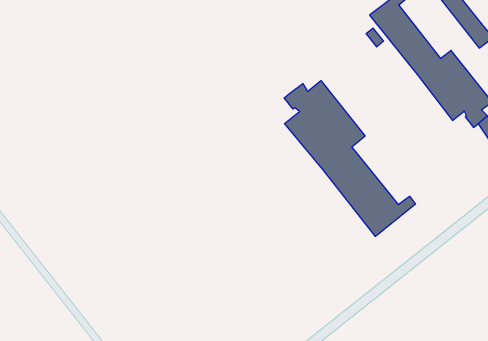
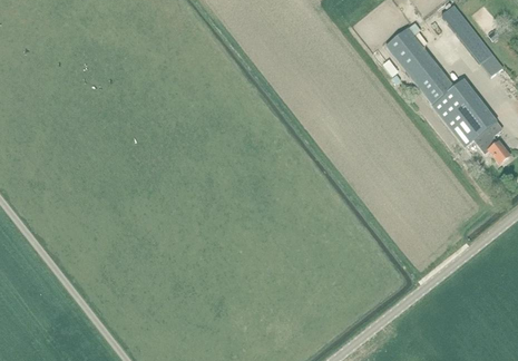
building: [284,81,415,236] -> none

